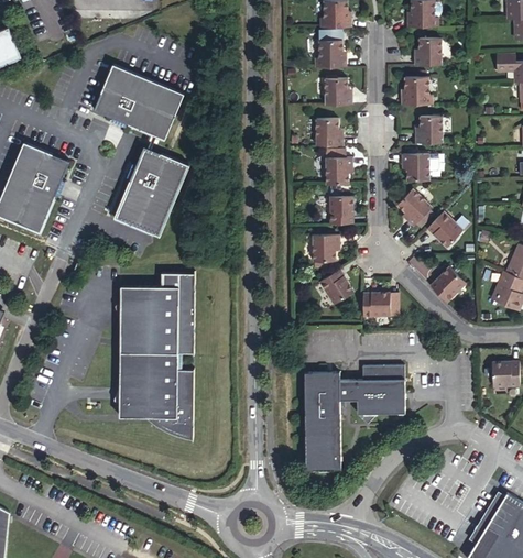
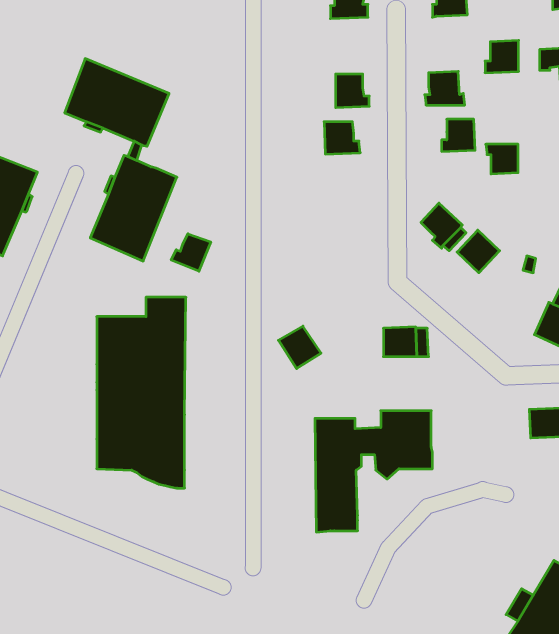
building: [412,39,440,66] -> [485,40,519,73]
building: [313,40,347,68] -> none
building: [323,149,352,186] -> none
building: [400,155,427,180] -> [486,144,518,174]
building: [328,196,352,226] -> none
building: none -> [171,234,211,271]
building: [314,237,341,264] -> none
building: [432,266,468,303] -> none
building: [319,271,356,307] -> [278,326,321,369]

